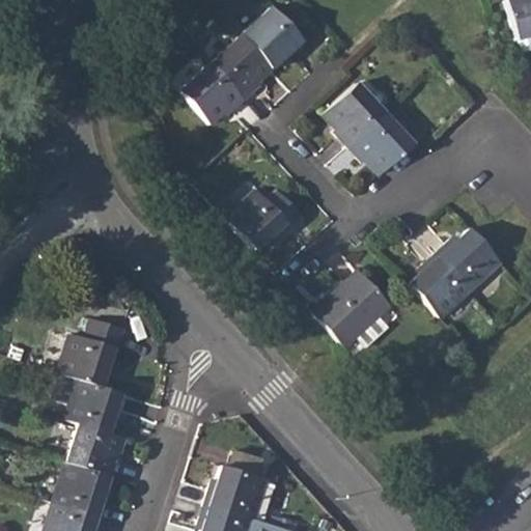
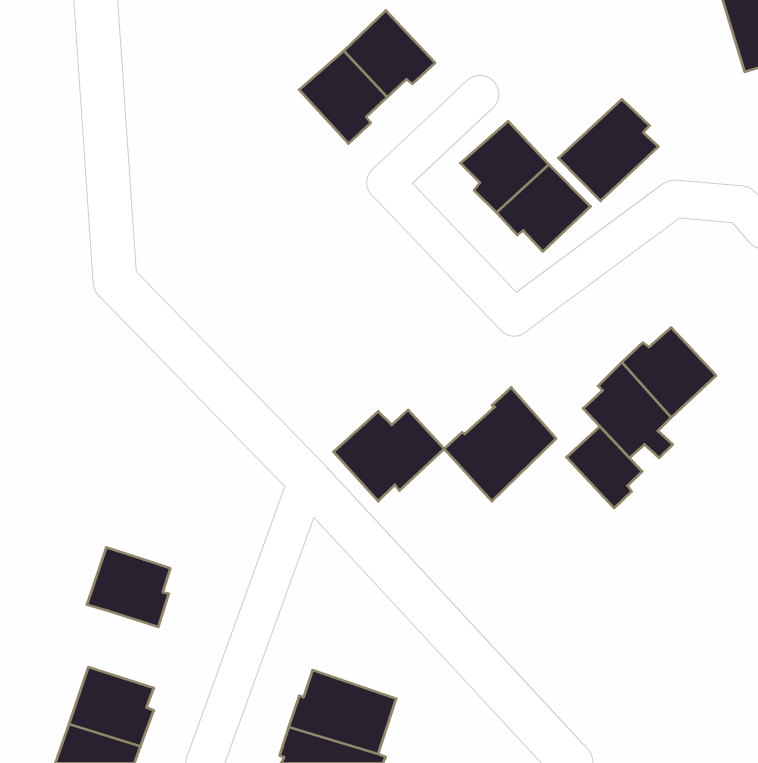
building: [181,62,246,124] -> none
building: none -> [558,99,658,201]
building: [225,188,302,251] -> [333,410,444,501]
building: none -> [566,427,642,508]
building: [57,318,127,388] -> none
building: [65,423,128,477] -> none

